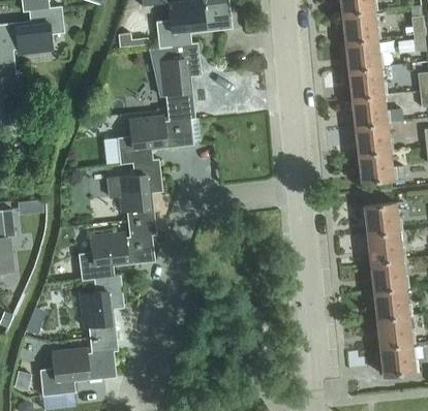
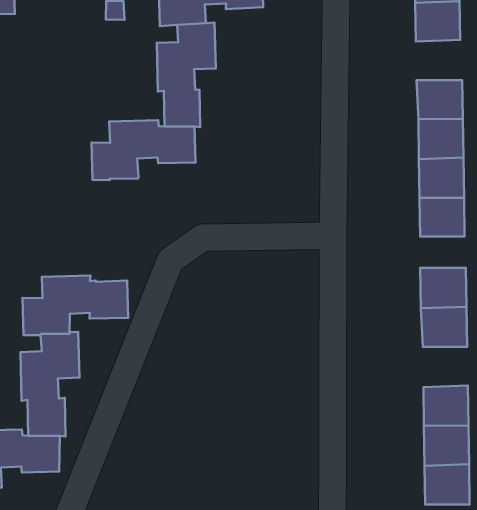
building: [344,37,380,69] -> none
building: [106,158,162,236] -> none
building: [370,258,405,290] -> none

